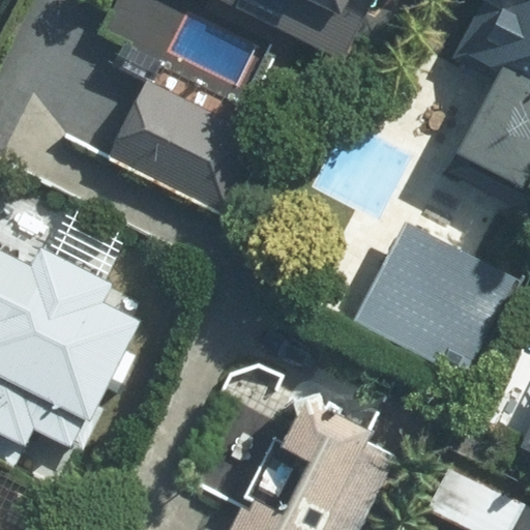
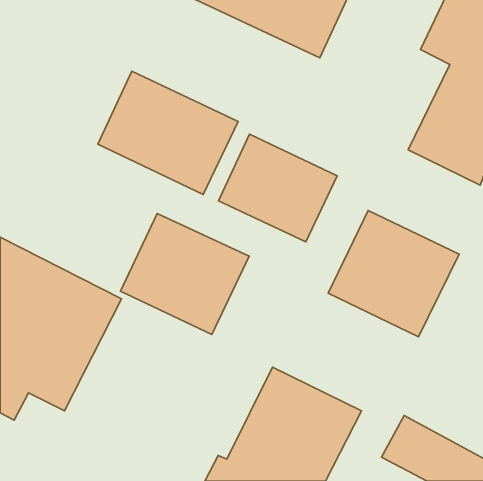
building: none -> [218,134,337,242]
building: none -> [120,213,249,334]

